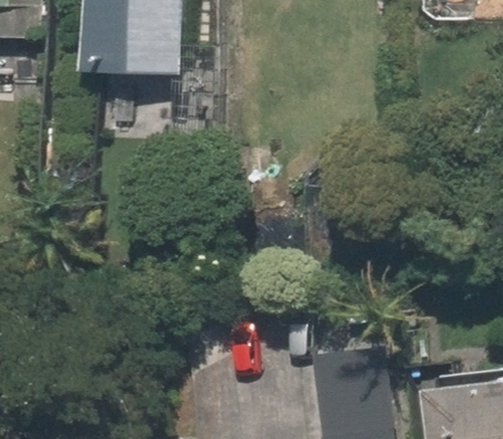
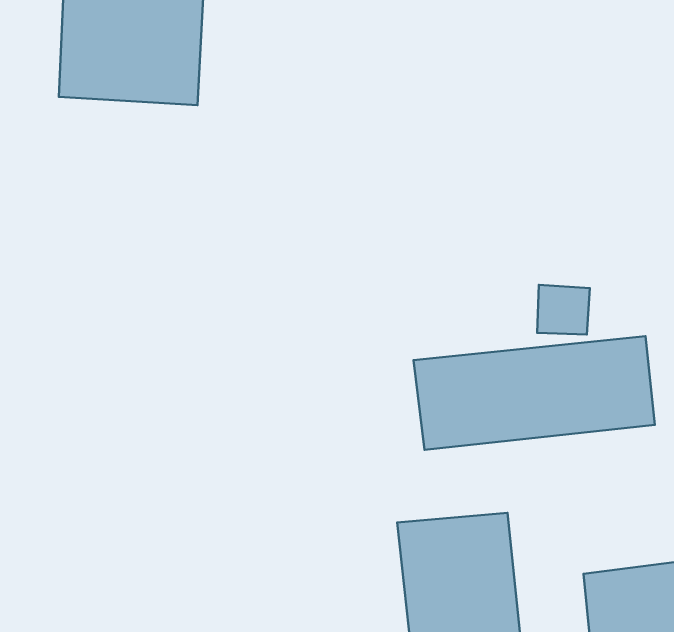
building: none -> [413,336,655,450]

